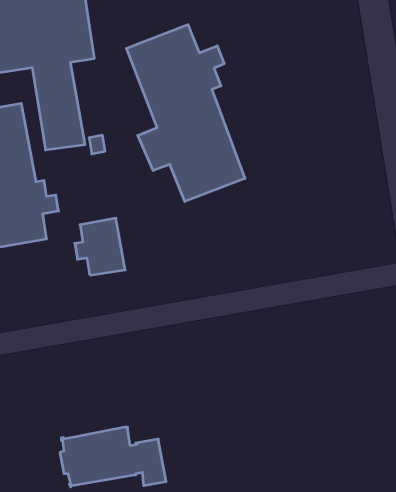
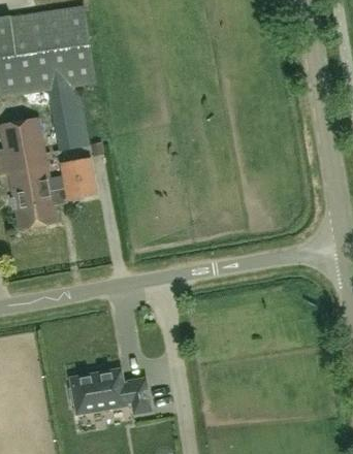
building: [126,25,245,202] -> none
building: [75,218,125,275] -> [56,156,95,200]

